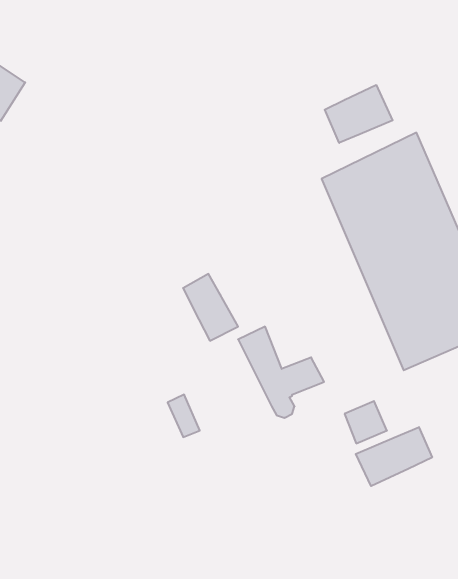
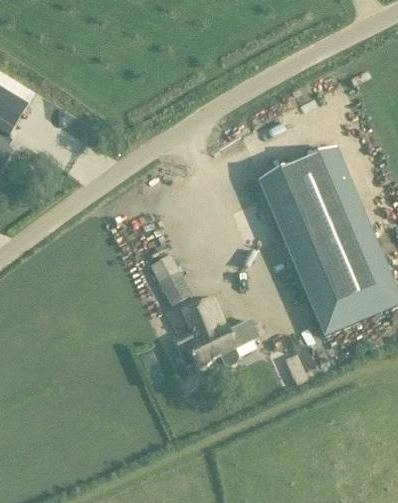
building: [325,85,393,143] -> none
building: none -> [171,305,220,369]
building: [356,427,432,486] -> none

